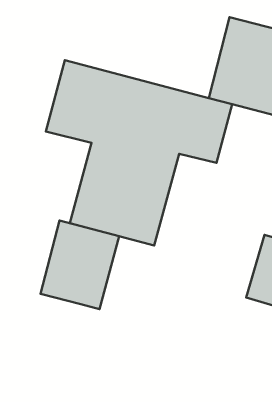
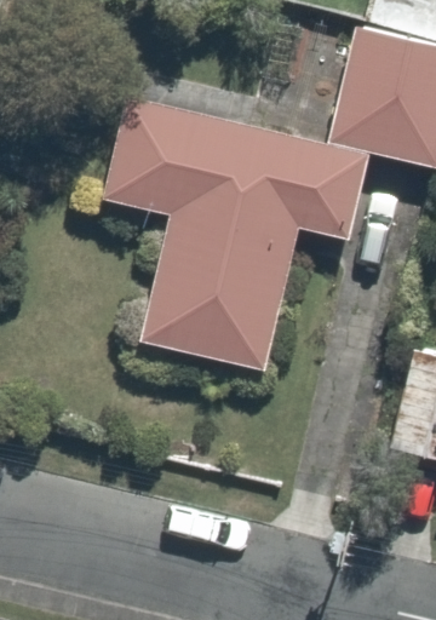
building: [41,220,119,309] -> none

